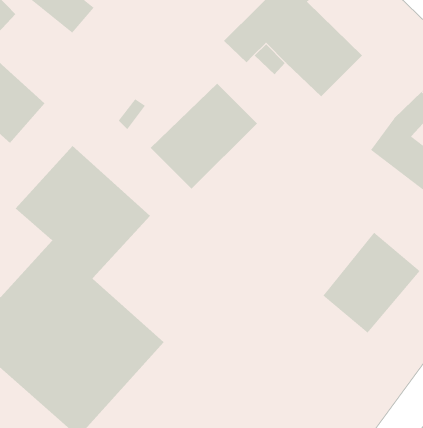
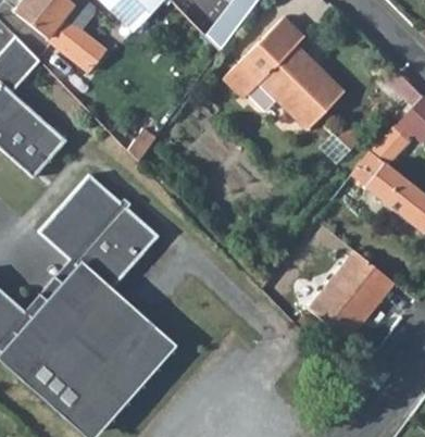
building: [150,83,258,190] -> none

